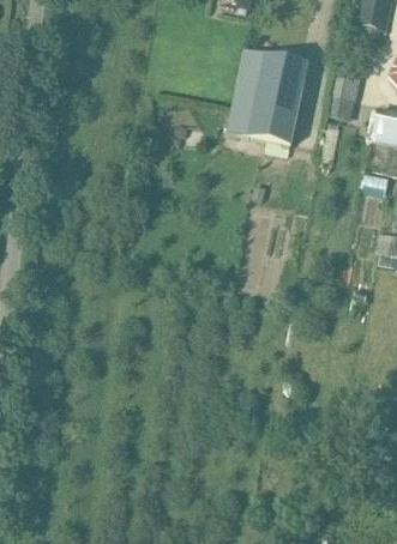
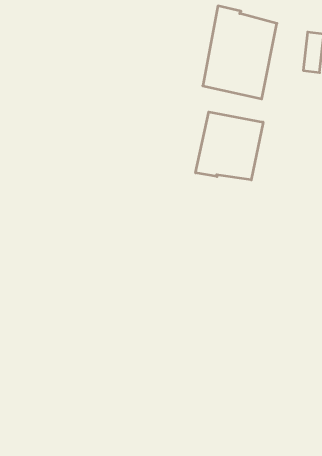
building: none -> [196,112,263,180]

